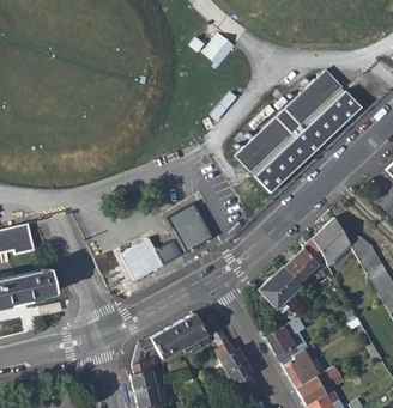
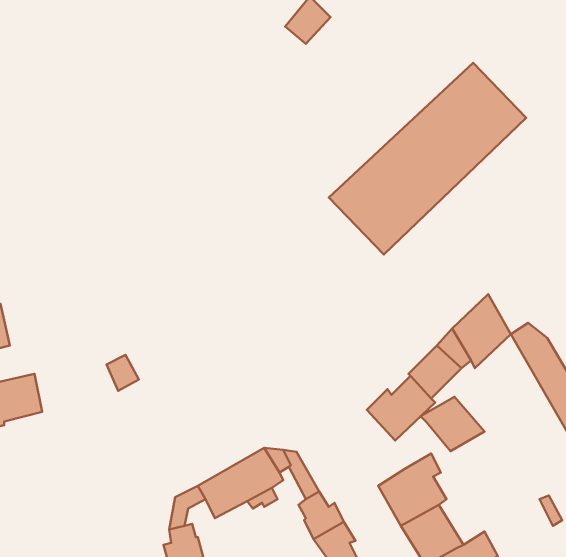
building: [173,206,216,252] -> none
building: [121,240,164,282] -> none
building: none -> [421,397,484,451]

